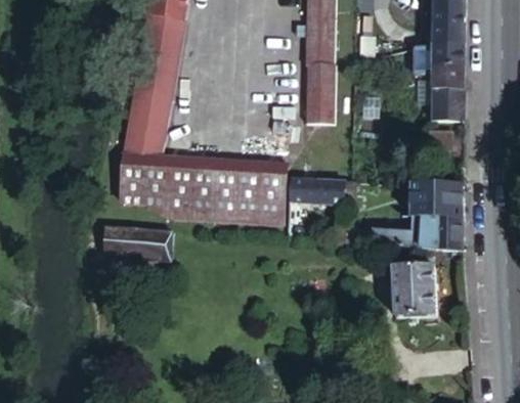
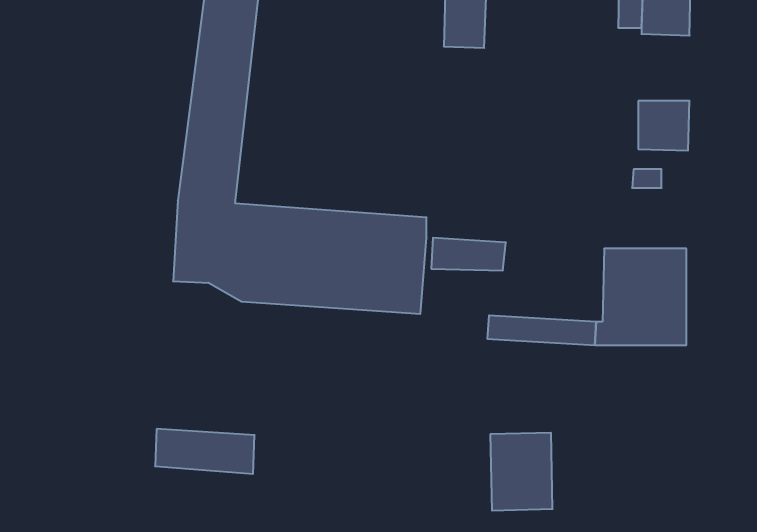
building: [432,42,466,86] -> none
building: [303,50,337,126] -> none
building: [104,228,170,258] -> [155,429,255,474]
building: [393,262,434,313] -> [490,433,553,511]

